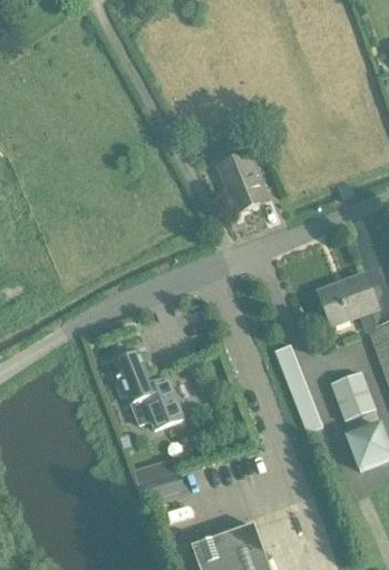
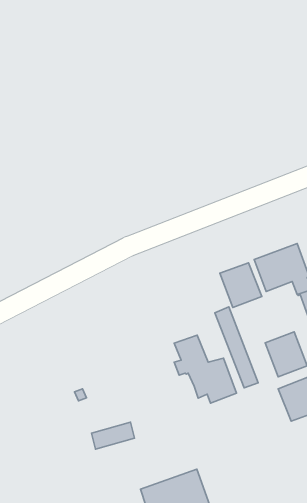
building: [218,134,266,210] -> none
building: none -> [220,263,262,307]
building: [114,352,183,428] -> [174,335,236,403]

